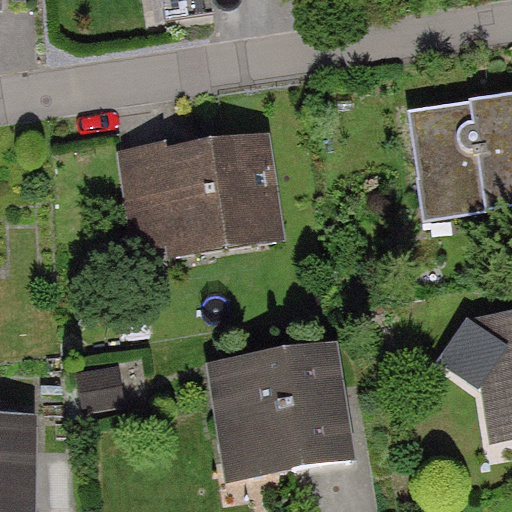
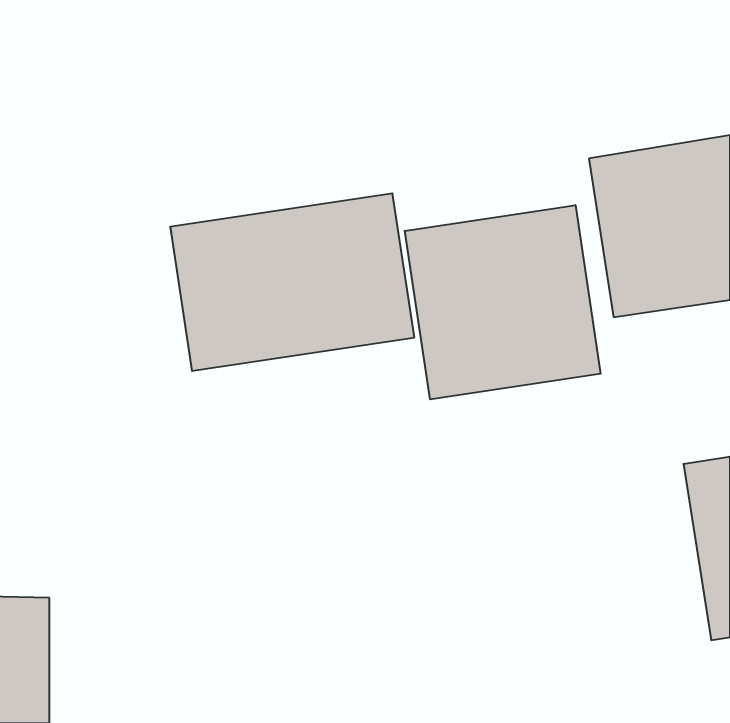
building: none -> [405,205,601,399]
building: [209,345,357,480] -> none

